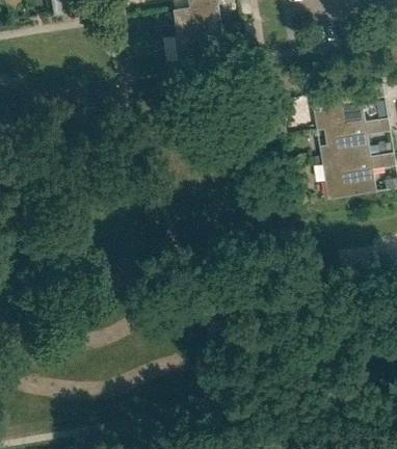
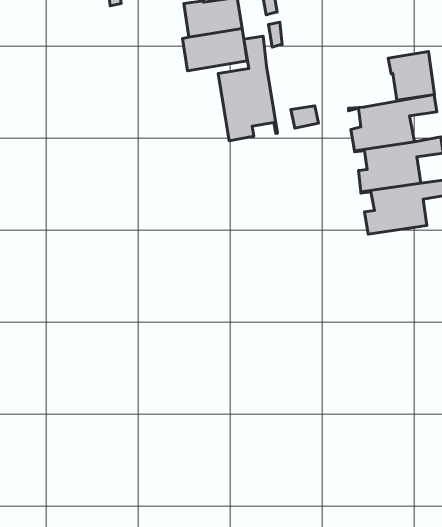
building: none -> [218,36,277,141]
building: none -> [388,52,434,100]

